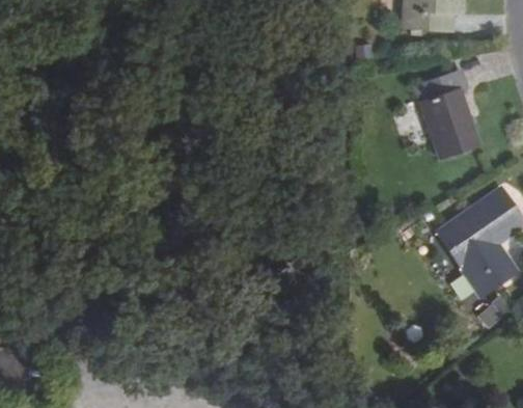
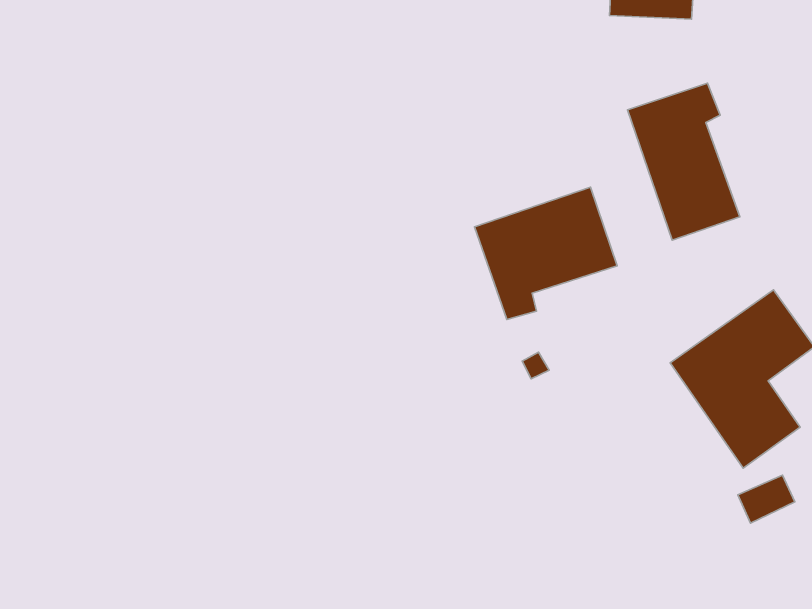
building: none -> [475,187,617,319]

